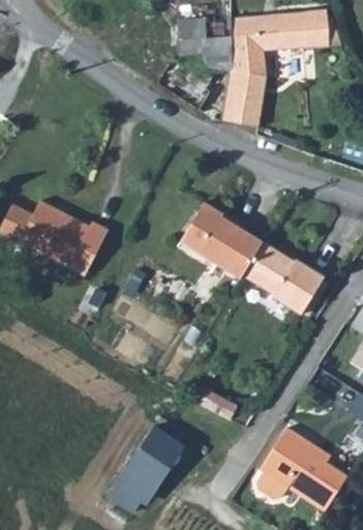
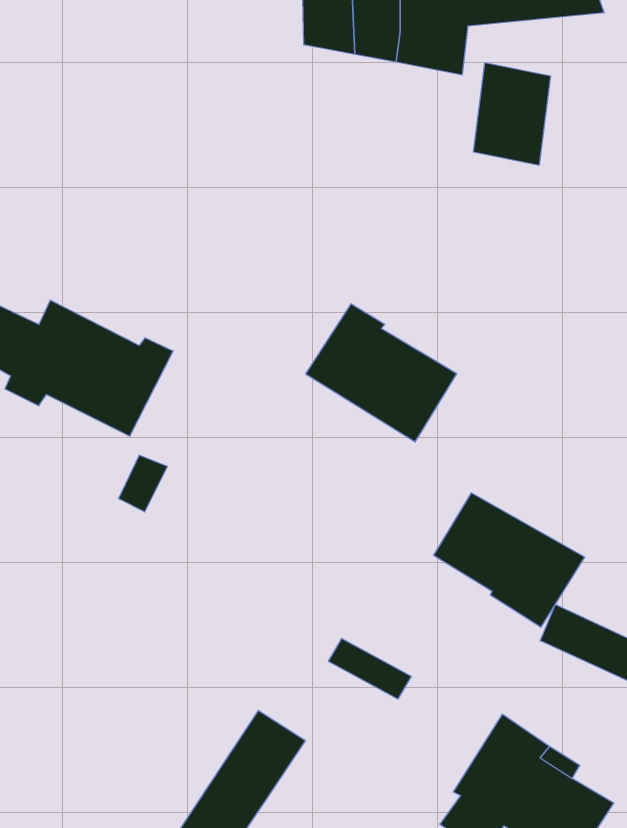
building: [222,70,265,126] -> [473,63,551,165]
building: [241,241,324,315] -> [433,493,585,627]

